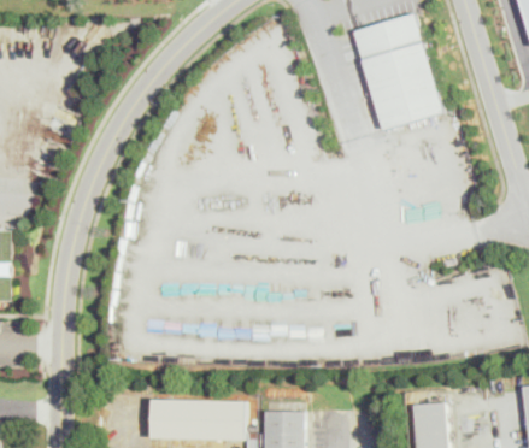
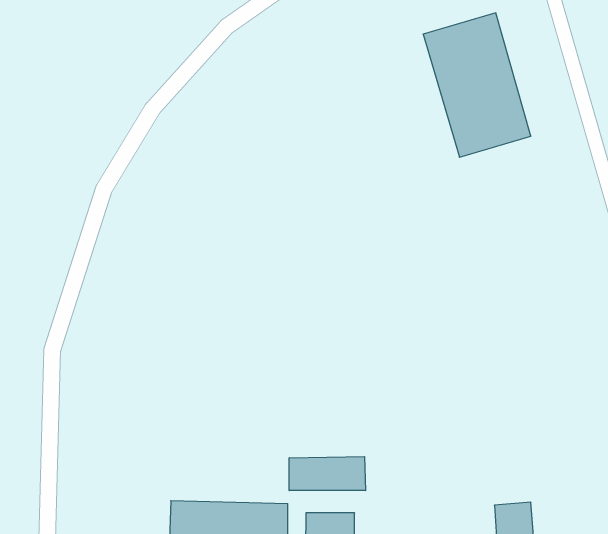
building: none -> [289,457,366,491]

